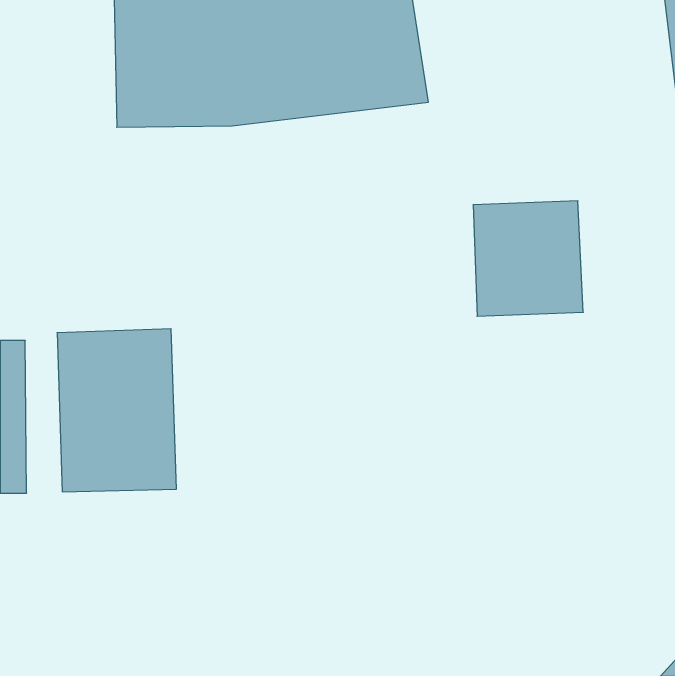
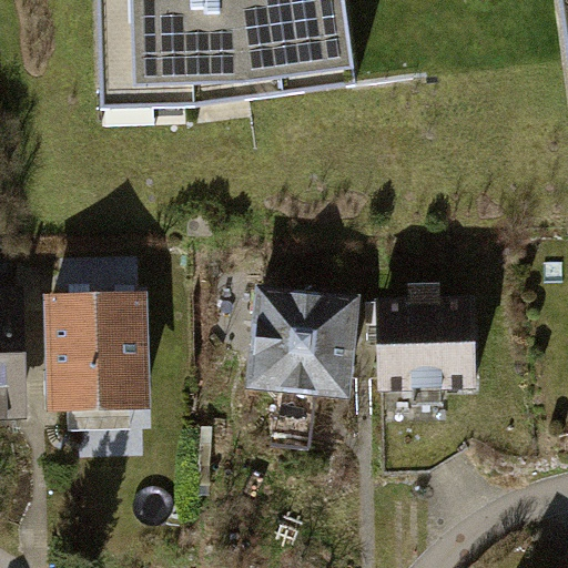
building: [473,201,583,316] -> [385,294,477,390]
building: none -> [244,288,354,390]

